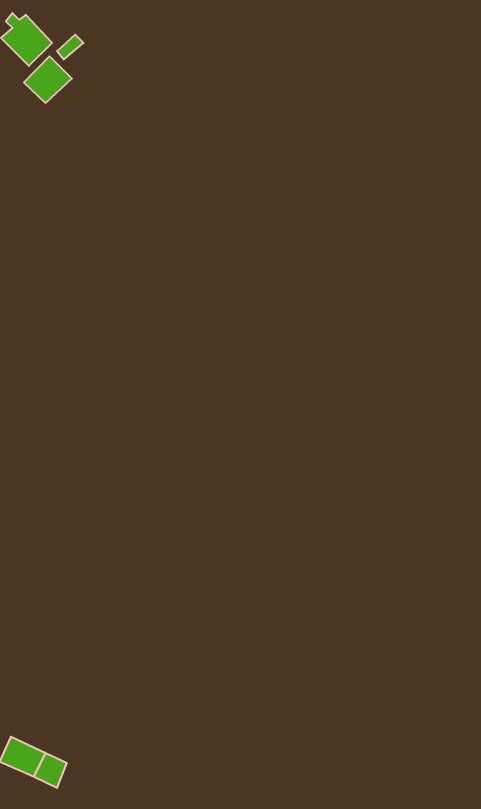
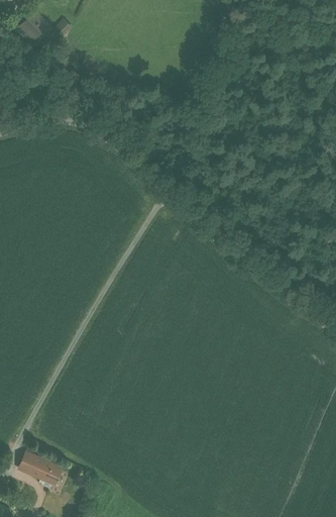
building: [24,56,72,103] -> none

